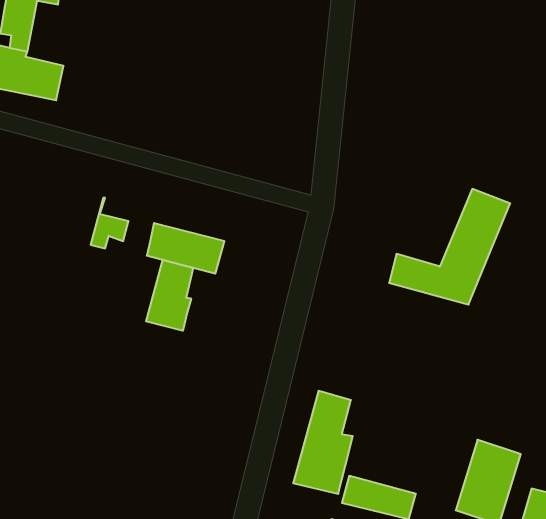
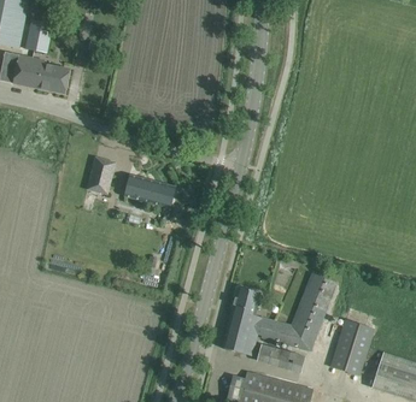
building: [389,189,510,305] -> [257,273,338,350]
building: [146,260,193,331] -> none

